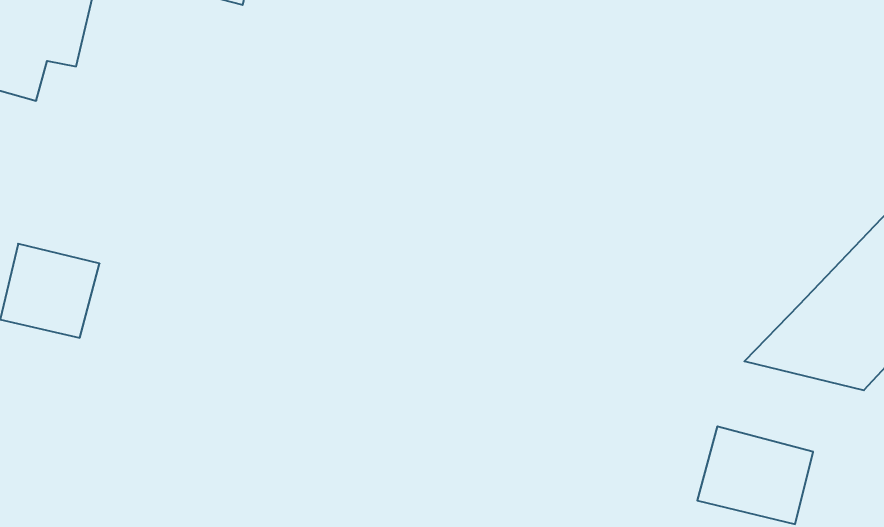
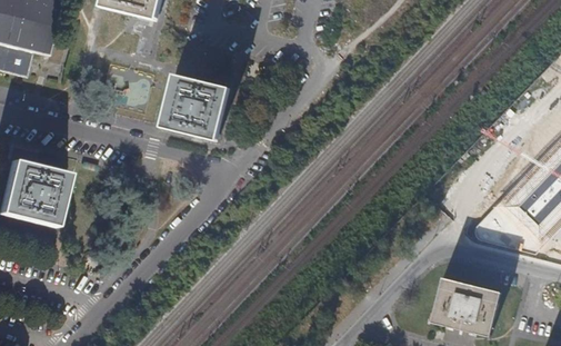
building: none -> [167,80,227,137]

